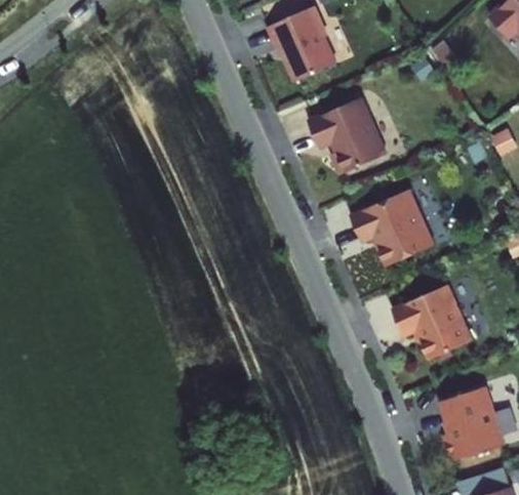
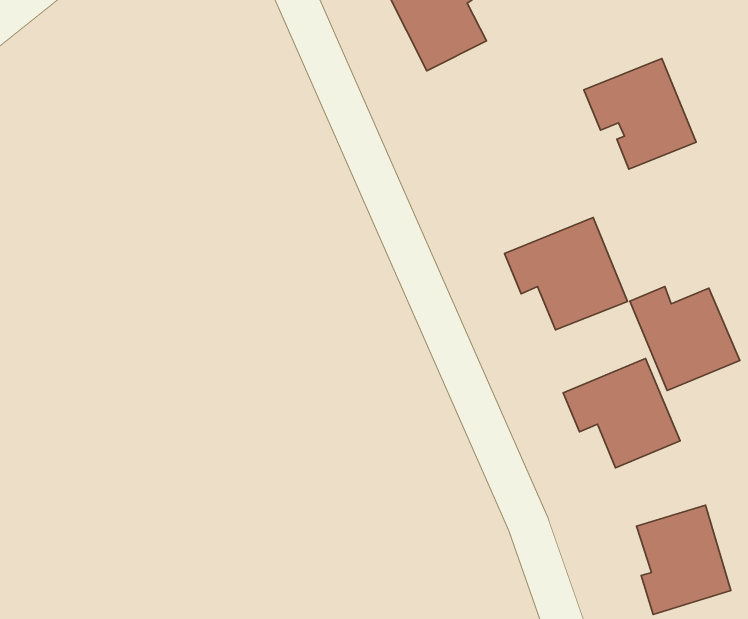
building: [308,95,385,171] -> [584,58,696,169]
building: none -> [630,286,740,391]

